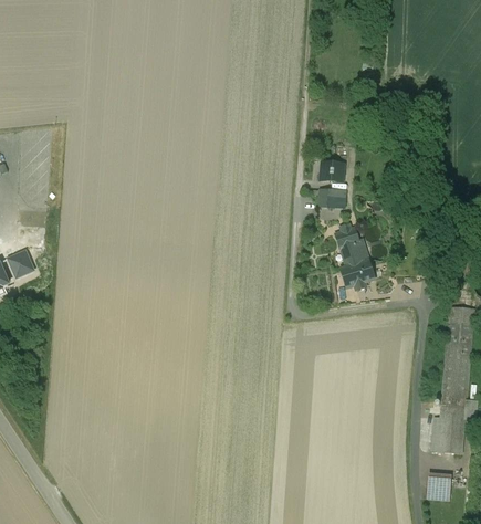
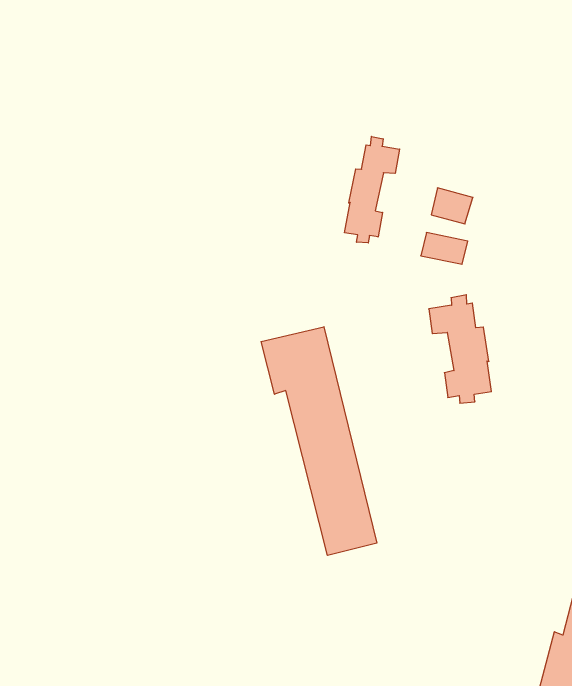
building: none -> [345,136,400,243]
building: none -> [261,327,377,555]

